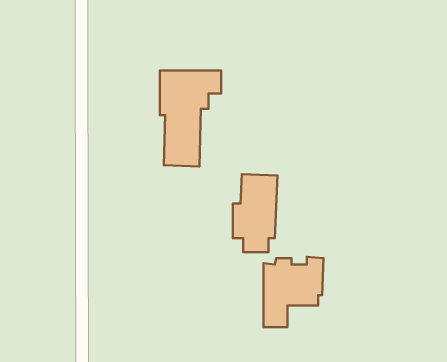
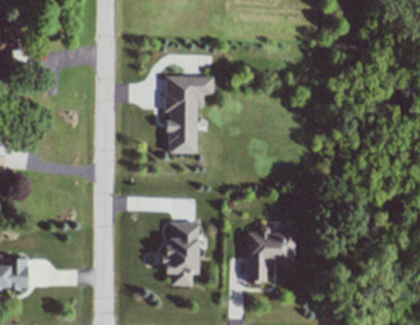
building: [233,174,277,252] -> [163,222,199,285]

